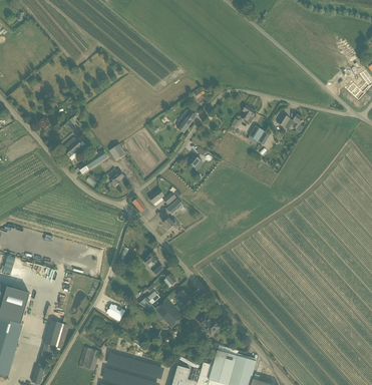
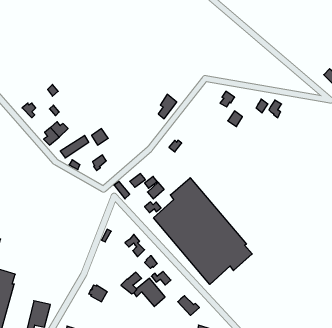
building: none -> [154,178,252,284]

